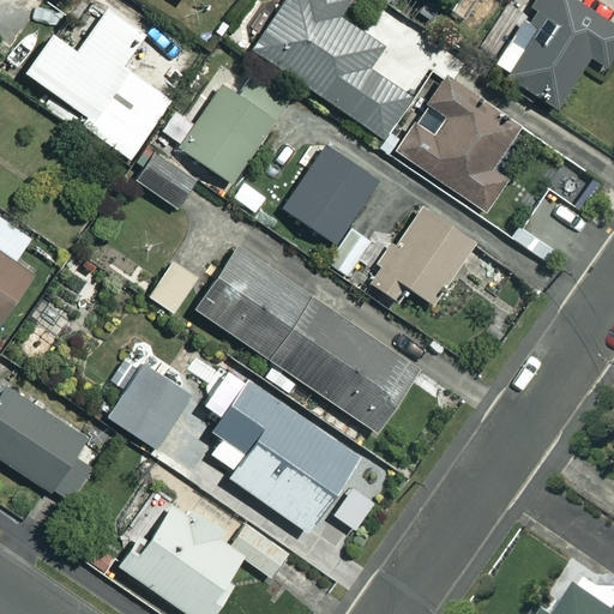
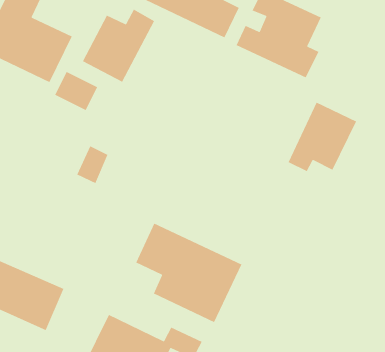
building: [282,144,378,243] -> none
building: [369,204,475,303] -> [287,102,357,172]
building: [193,247,417,433] -> none
building: [108,363,191,447] -> none

